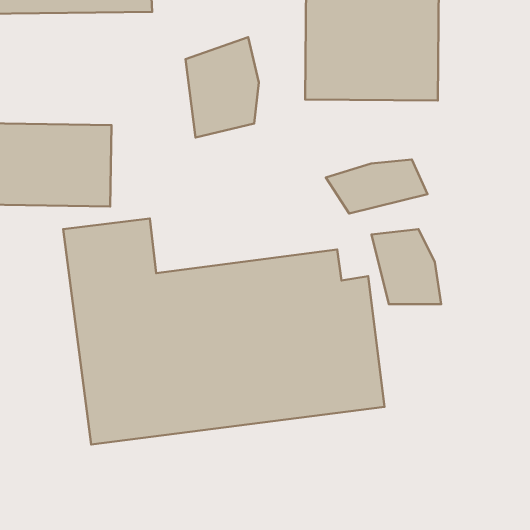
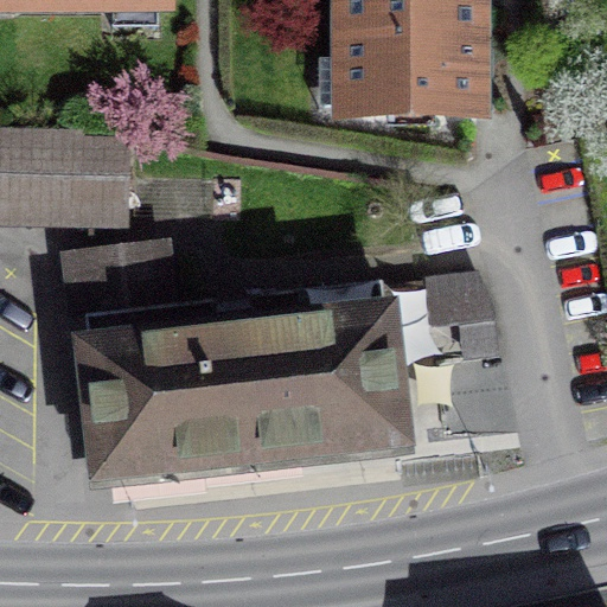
building: [185,37,259,138] -> none
building: [326,160,427,214] -> none

